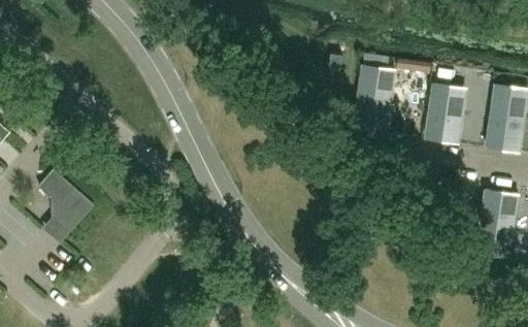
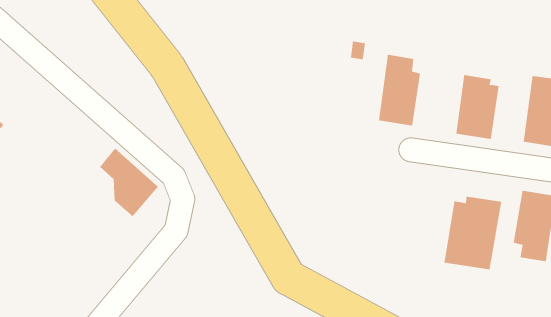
building: [39,168,94,232] -> [99,148,159,217]
building: none -> [444,196,502,270]

